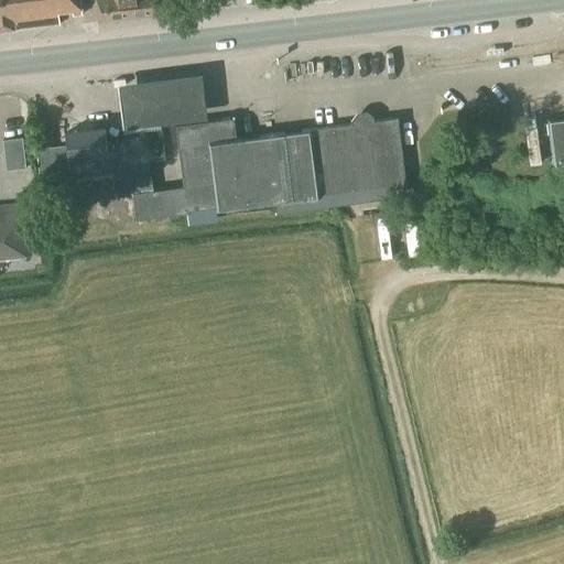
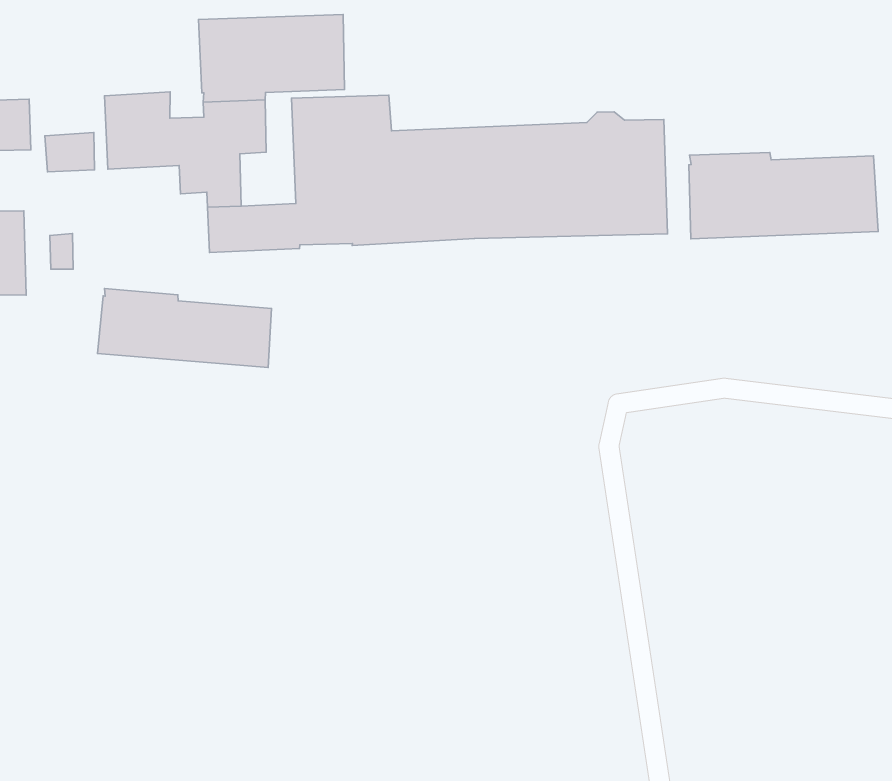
building: none -> [689,152,878,239]
building: none -> [97,289,271,368]

